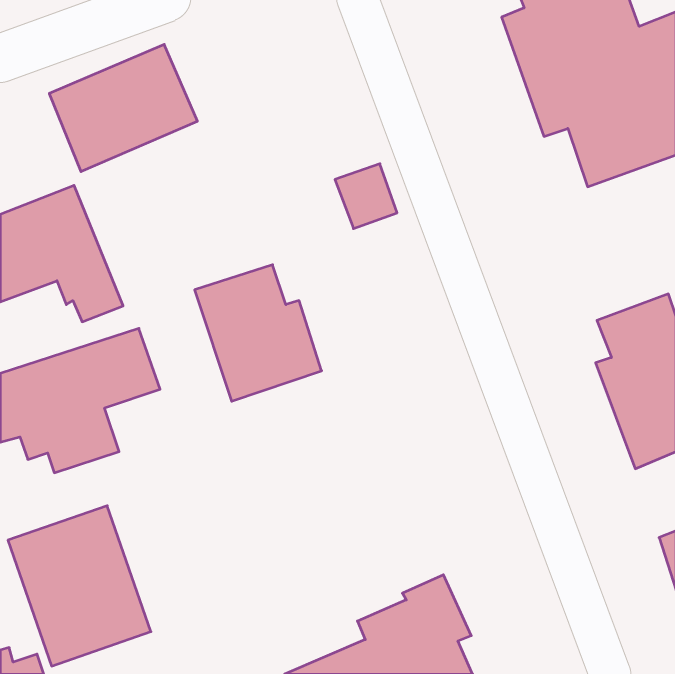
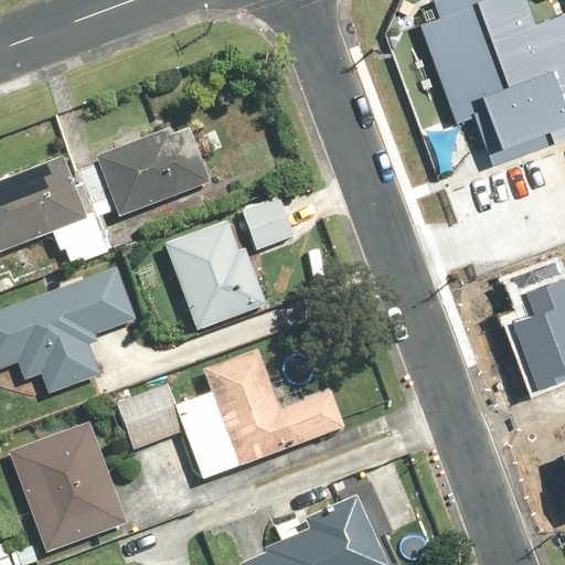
building: [49,44,197,172] -> [93,114,216,220]
building: [335,164,397,229] -> [242,199,294,253]
building: none -> [116,349,343,479]

